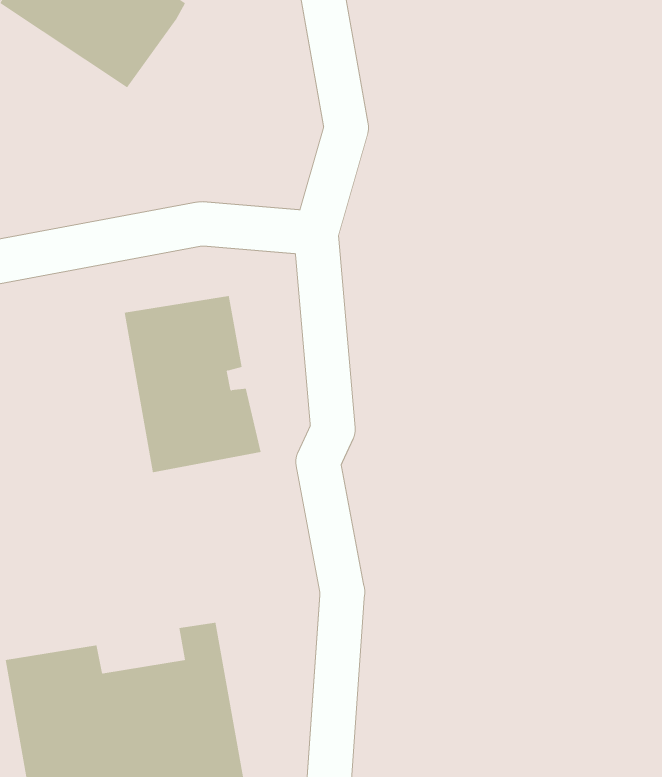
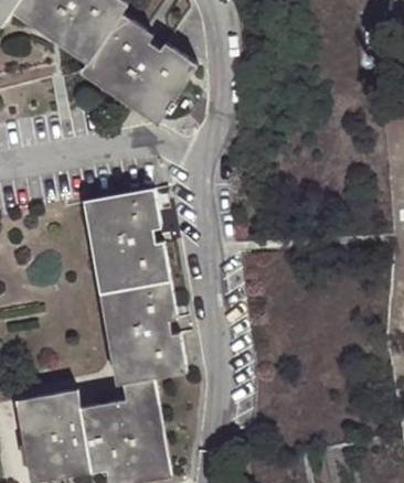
building: none -> [82,24,193,128]
building: none -> [104,277,182,379]

